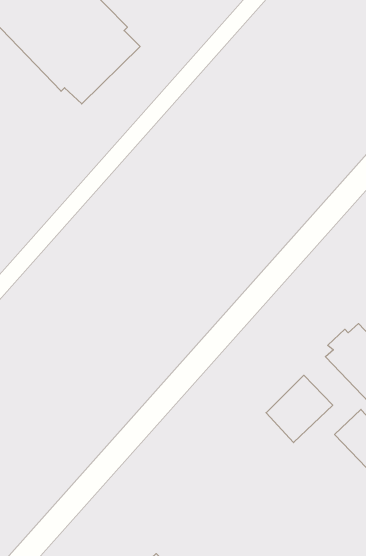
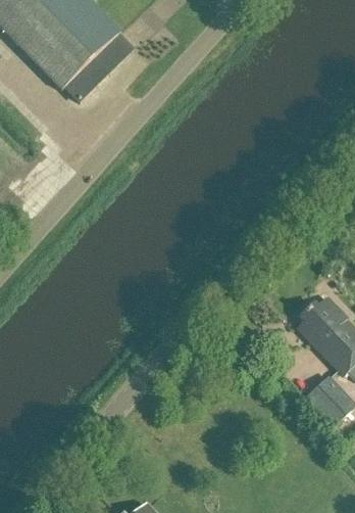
building: [266,375,333,443] -> none

